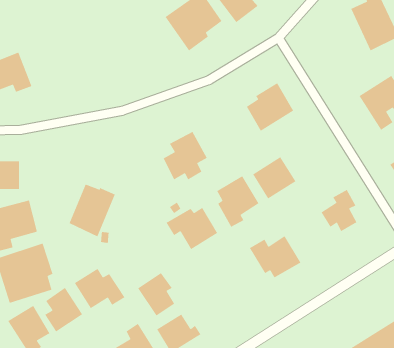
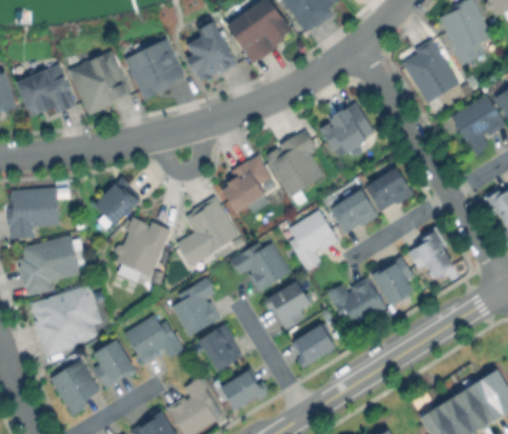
building: none -> [189,22,238,81]
building: none -> [126,41,184,103]
building: none -> [401,41,458,103]
building: none -> [69,48,135,119]
building: none -> [264,130,325,198]
building: none -> [365,167,413,213]
building: none -> [95,177,138,227]
building: none -> [177,196,239,265]
building: none -> [369,252,413,305]
building: none -> [170,275,218,335]
building: none -> [261,278,310,331]
building: none -> [292,322,333,366]

